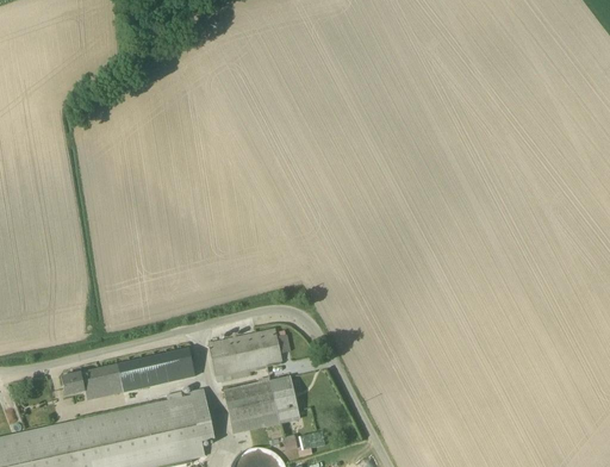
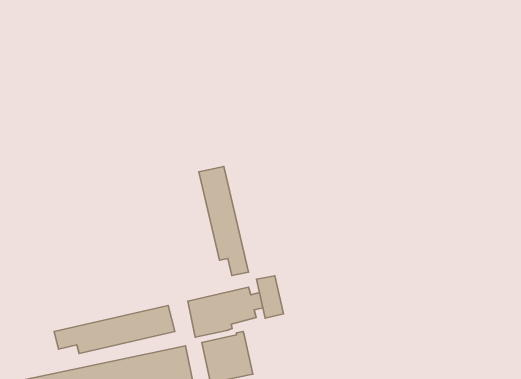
building: none -> [199,166,248,276]
building: [269,376,299,423] -> [256,276,284,318]

